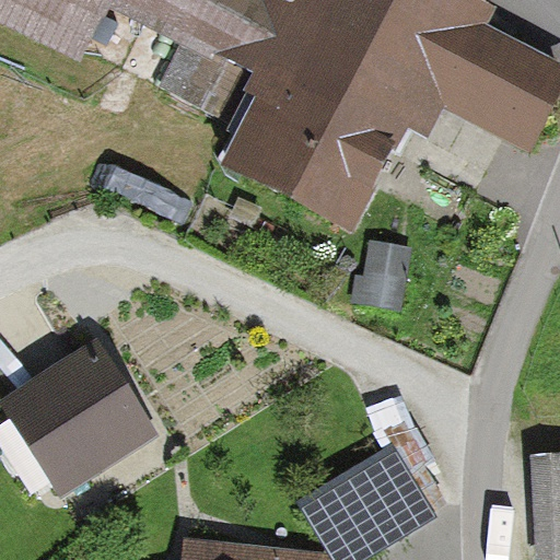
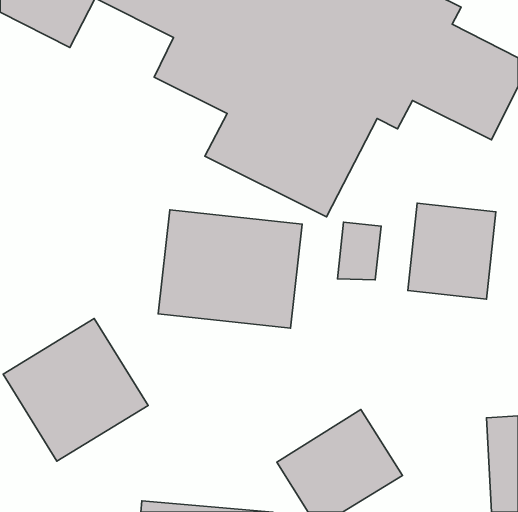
building: none -> [408,203,496,299]
building: none -> [158,210,302,328]

